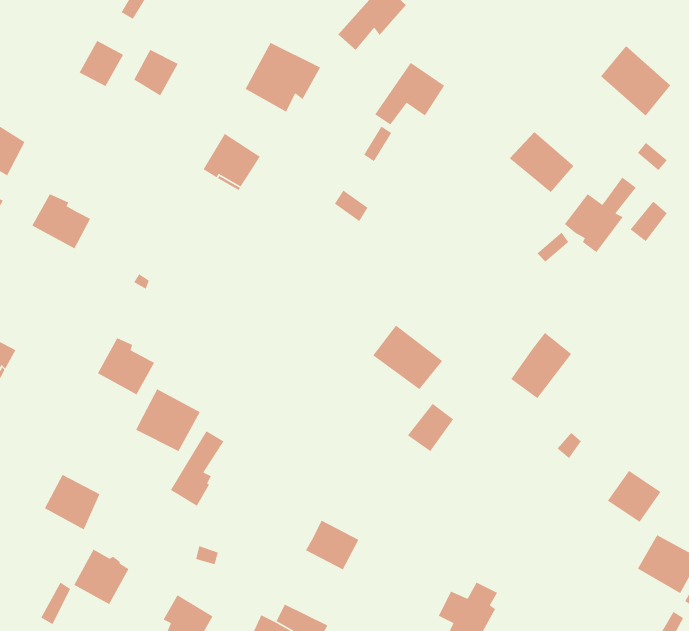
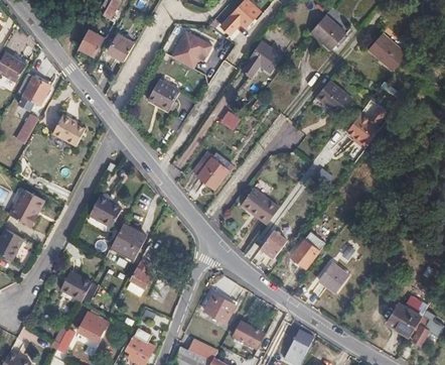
building: none -> [311,14,345,49]
building: none -> [197,156,227,187]
building: [510,332,572,399] -> [290,229,324,266]
building: [607,470,662,523] -> [319,261,349,290]
building: none -> [233,320,263,344]

